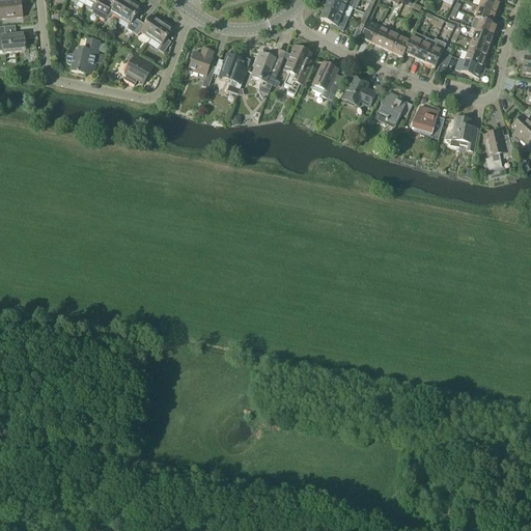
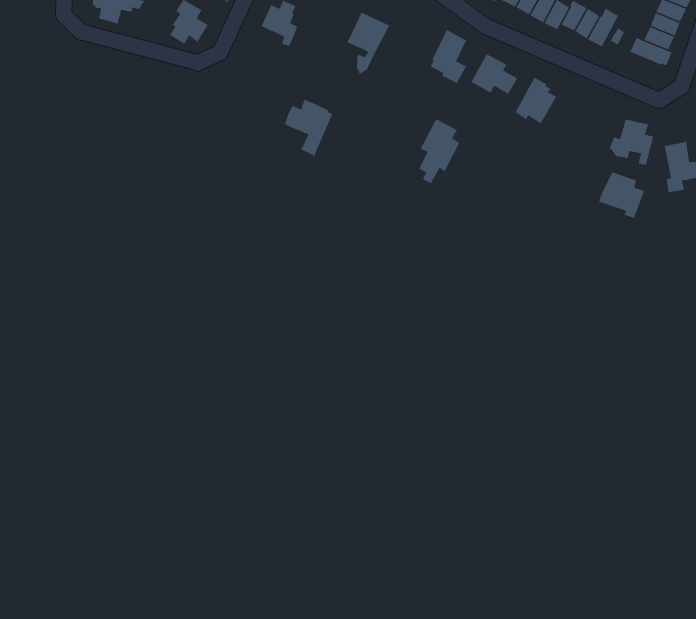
building: [284,46,313,93] -> [418,118,460,184]
building: [214,53,249,94] -> [284,99,333,157]
building: [412,105,445,138] -> [598,171,645,219]

